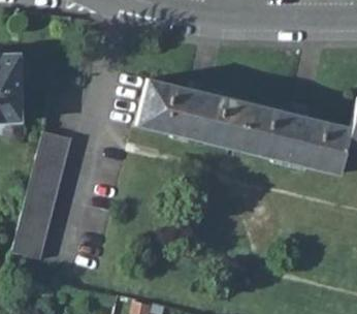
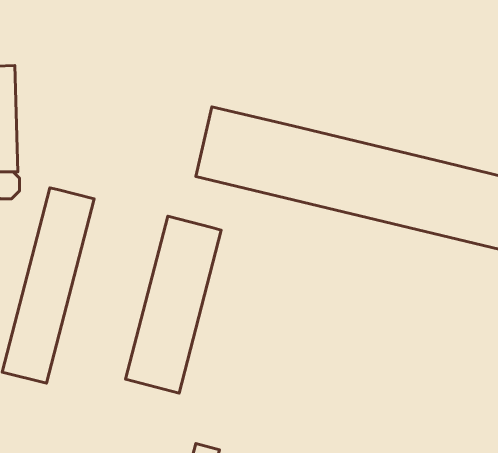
building: none -> [126,216,221,393]

